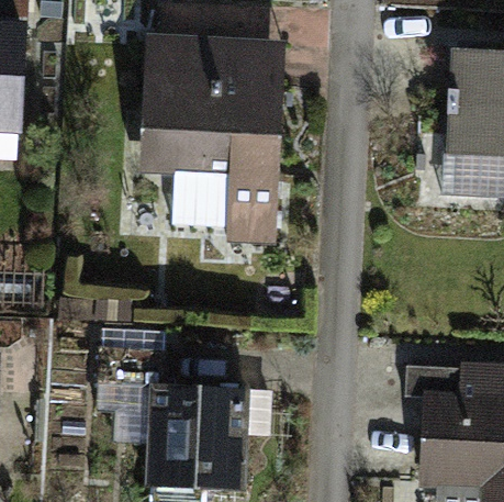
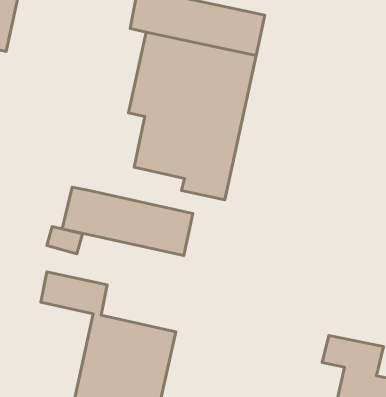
building: none -> [62,187,193,255]

